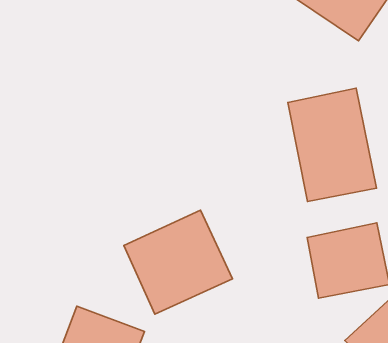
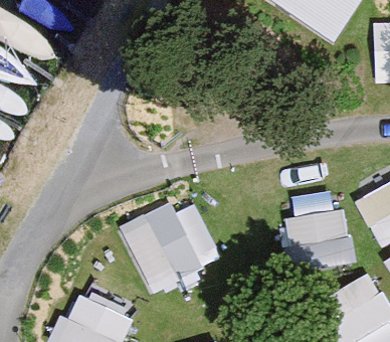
building: [288,88,377,201] -> none

